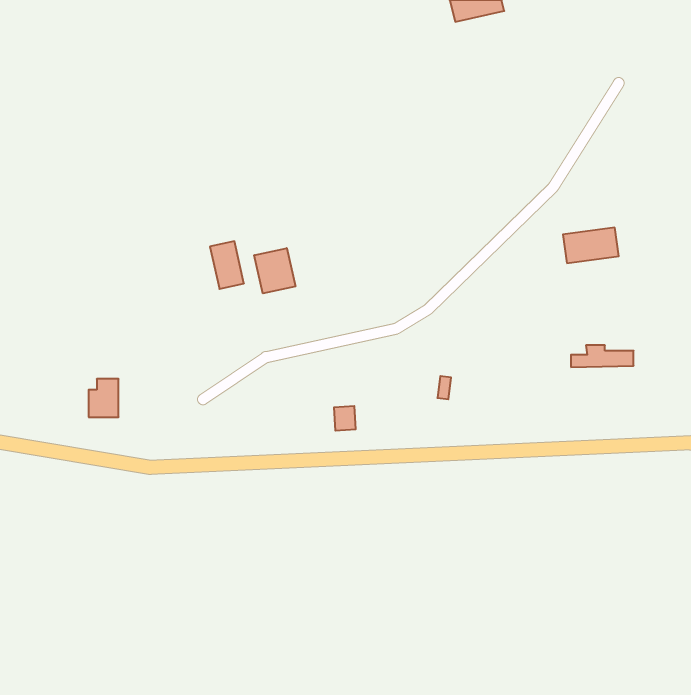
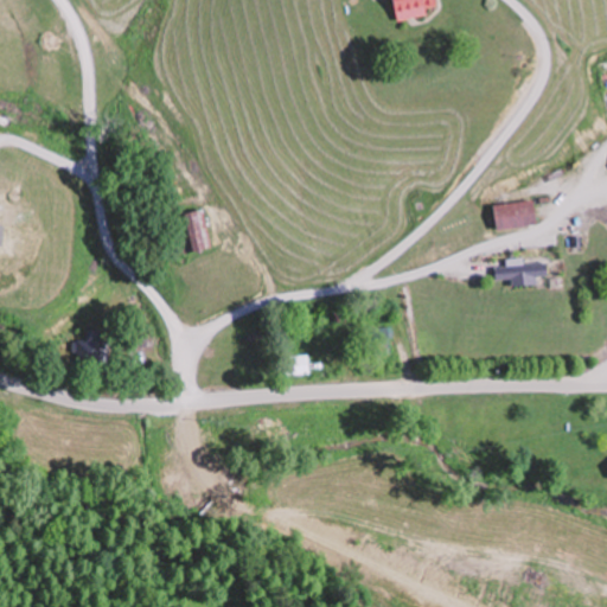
building: [254,248,295,293] -> none
building: [571,345,634,367] -> [492,260,547,279]

